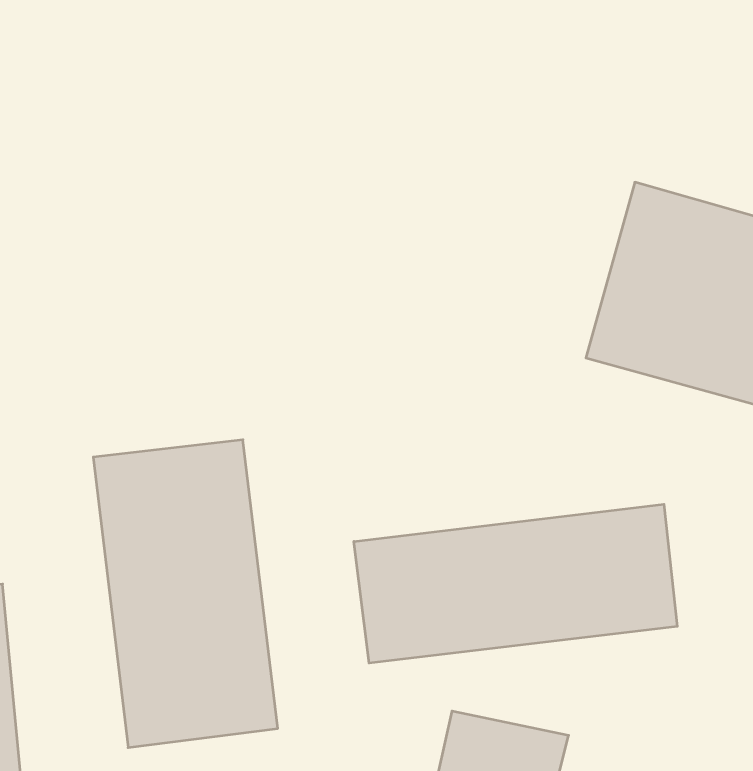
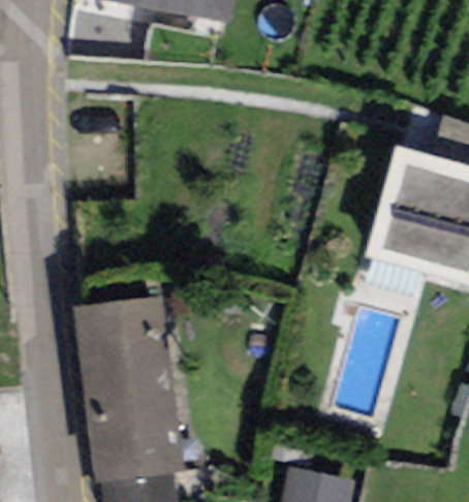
building: [354,504,677,663] -> none

